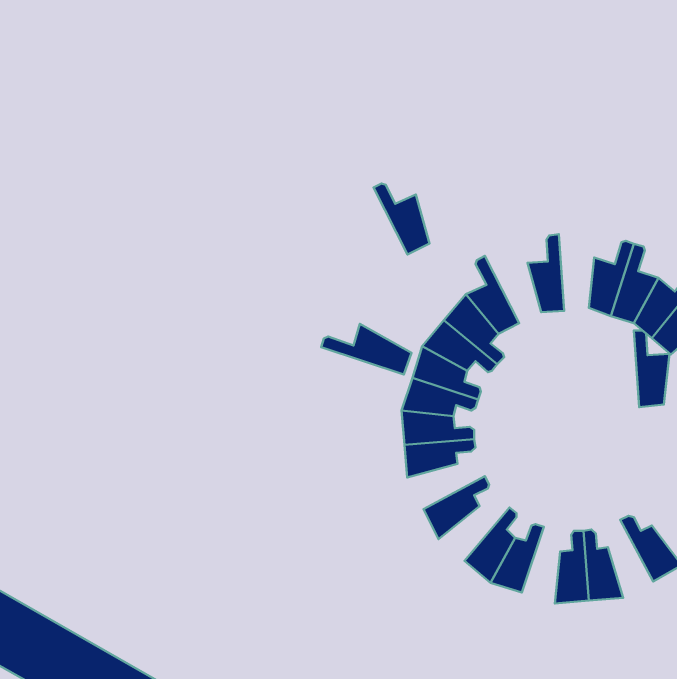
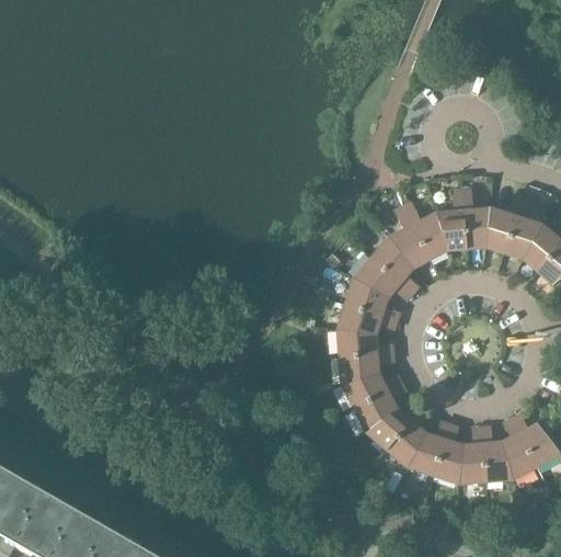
building: [373,183,429,255] -> [403,203,448,260]
building: [321,324,411,375] -> none
building: [634,331,669,407] -> [462,189,491,250]
building: none -> [341,373,403,409]
building: none -> [366,402,423,451]
building: none -> [502,418,538,480]
building: none -> [433,423,463,485]

